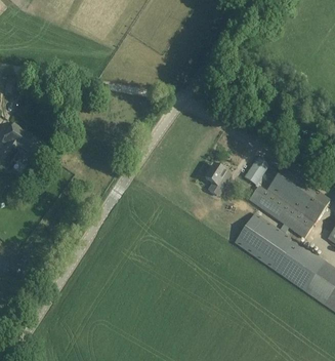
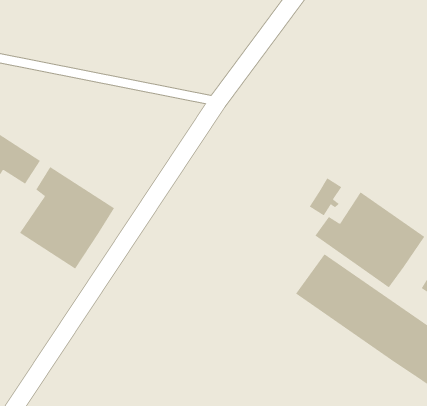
building: none -> [19,166,115,269]
building: [204,163,231,196] -> none

